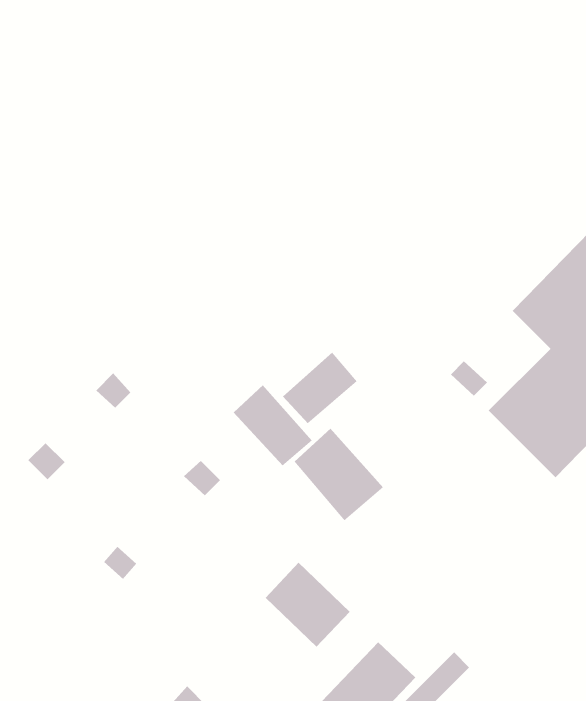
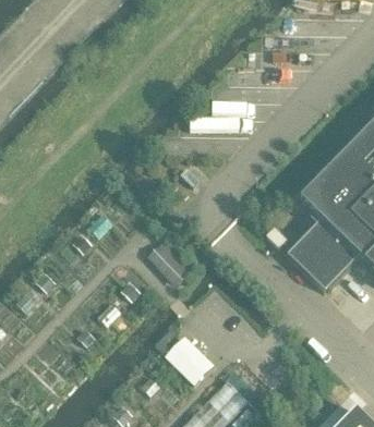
building: [282,352,358,424] -> none
building: [294,428,384,521] -> none

